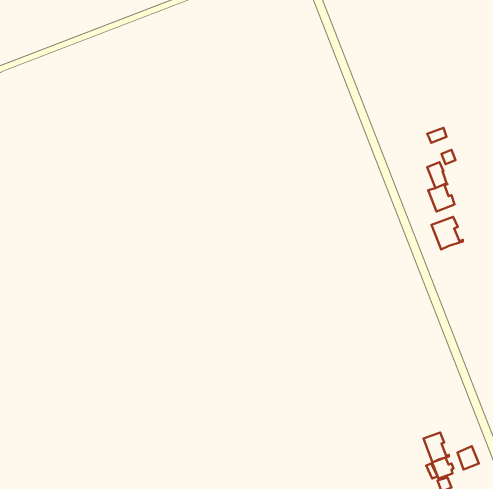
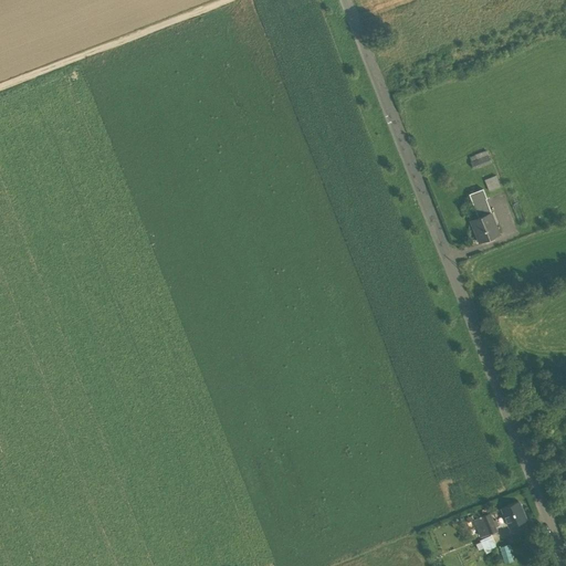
building: [432,217,463,249] -> none
building: [424,433,449,462] -> none

